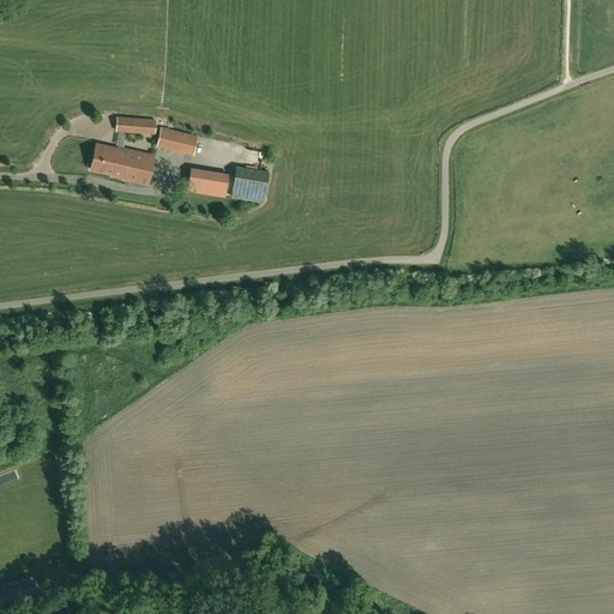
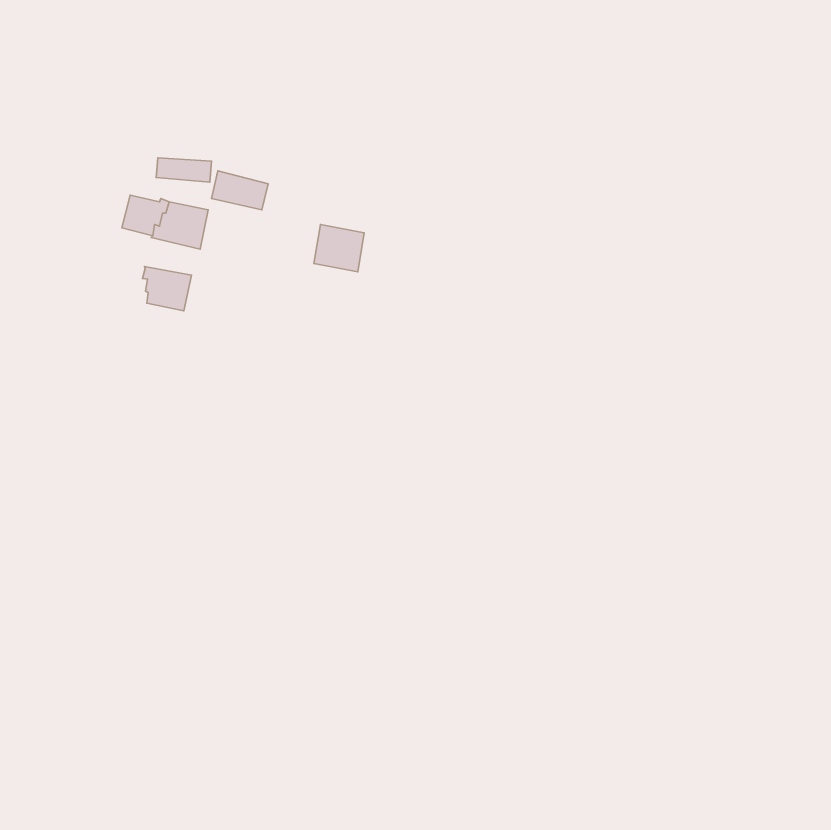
building: [187,168,228,195] -> none
building: none -> [143,267,191,311]

